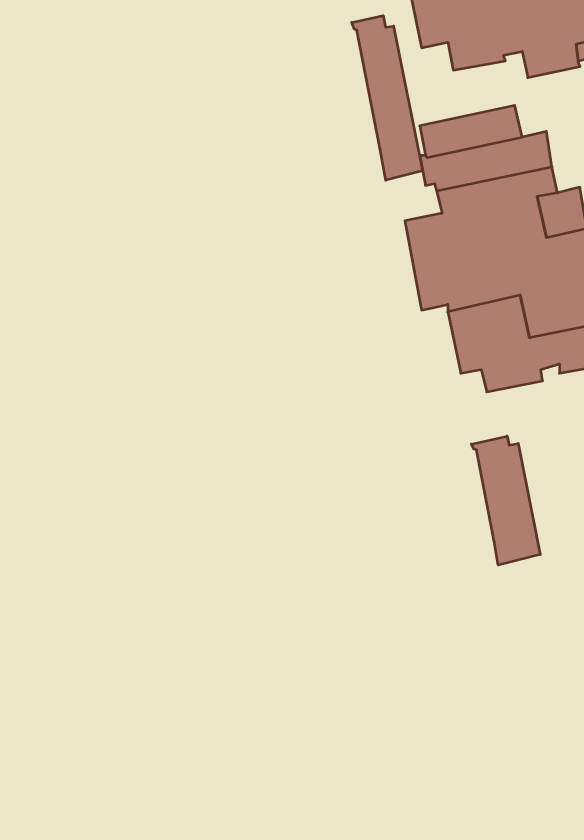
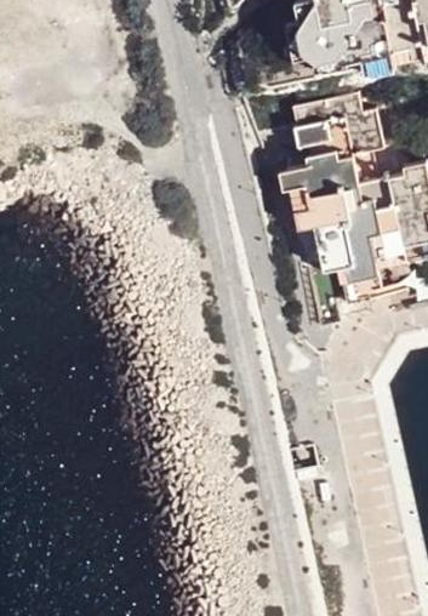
building: [352,16,423,180] -> none
building: [471,436,540,565] -> none

